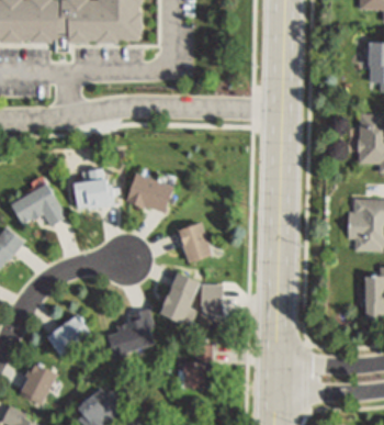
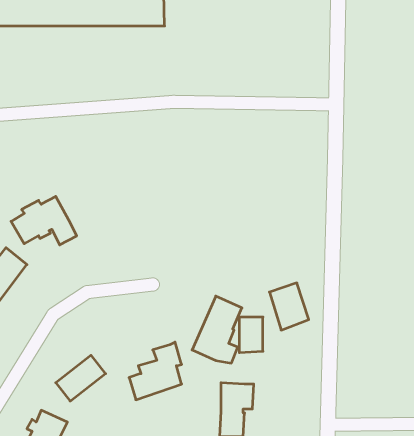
building: [77,168,117,209] -> none
building: [127,174,176,213] -> none
building: [178,225,211,265] -> [269,283,309,330]

